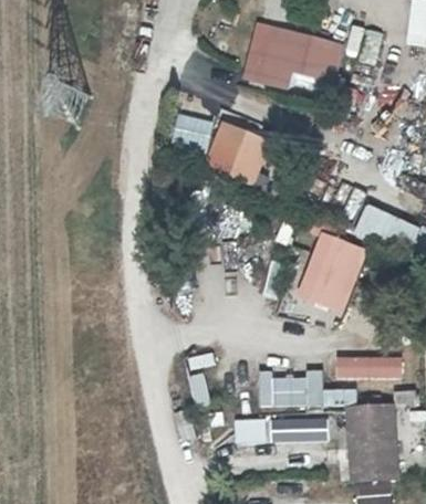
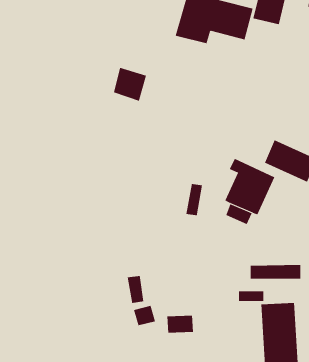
building: [204,120,272,186] -> none
building: [260,372,320,406] -> none
building: [271,419,325,442] -> none

